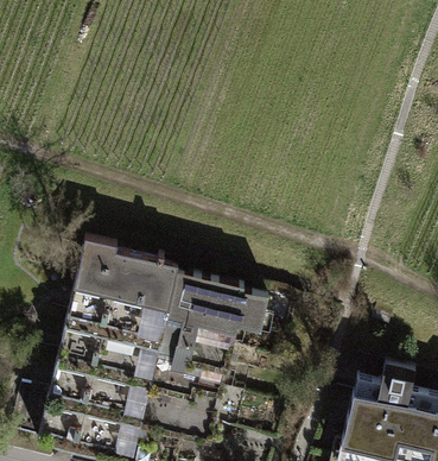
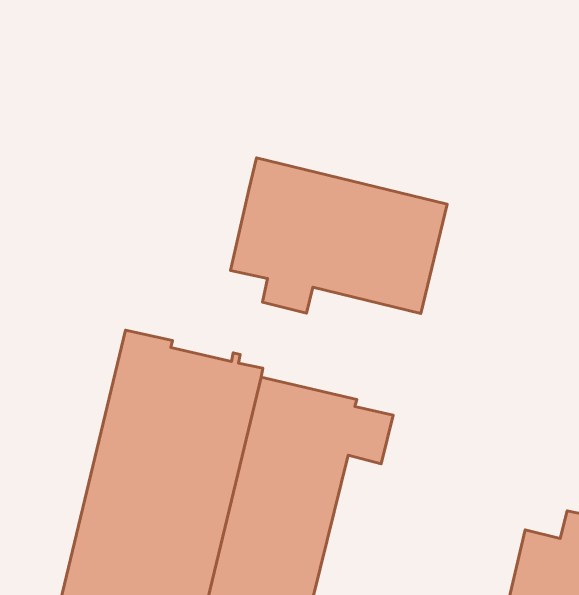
building: none -> [230,158,447,313]

